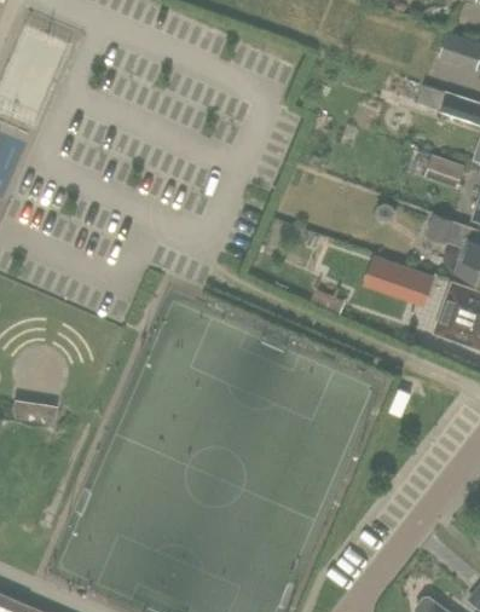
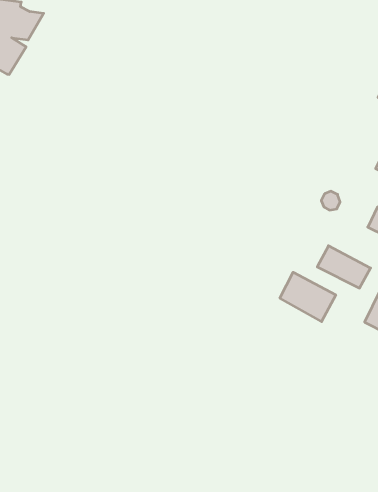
building: none -> [280,272,336,322]

